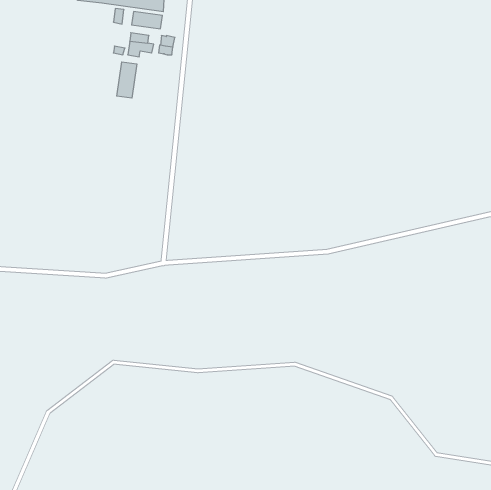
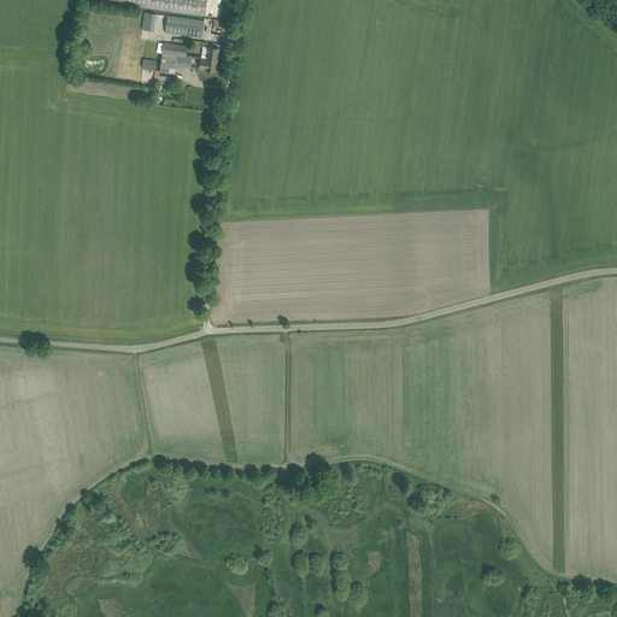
building: [117,62,137,98] -> none

